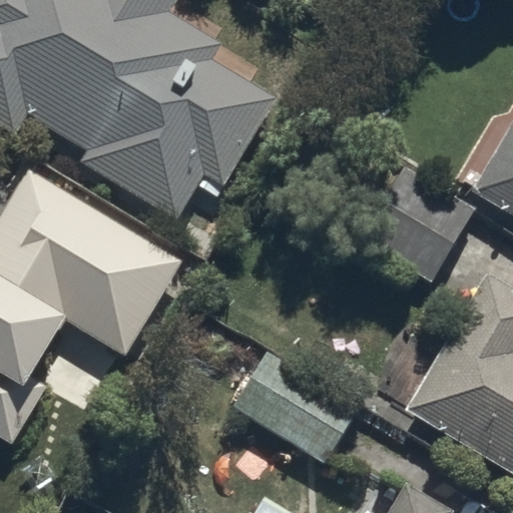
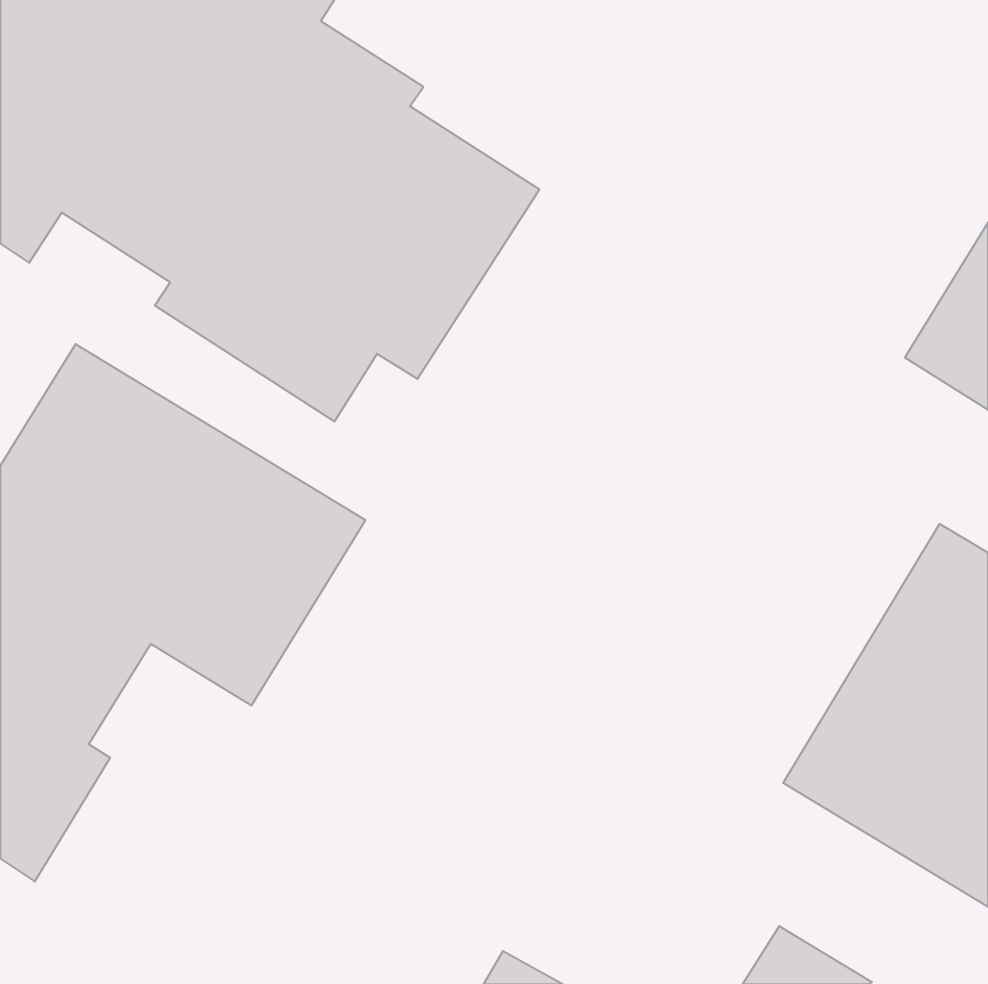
building: [356,164,472,280] -> none
building: [230,350,357,461] -> none

